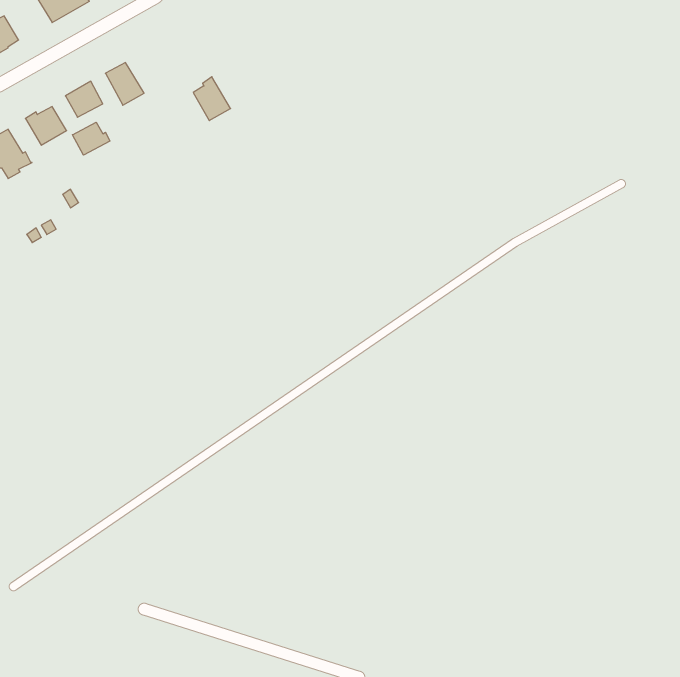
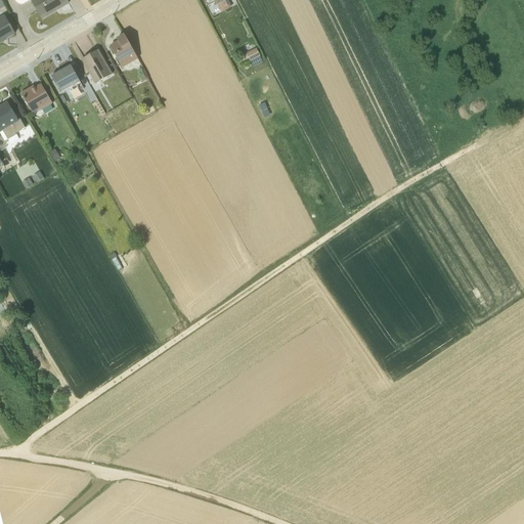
building: [193,77,231,121] -> [108,32,137,66]
building: [72,122,110,155] -> none

